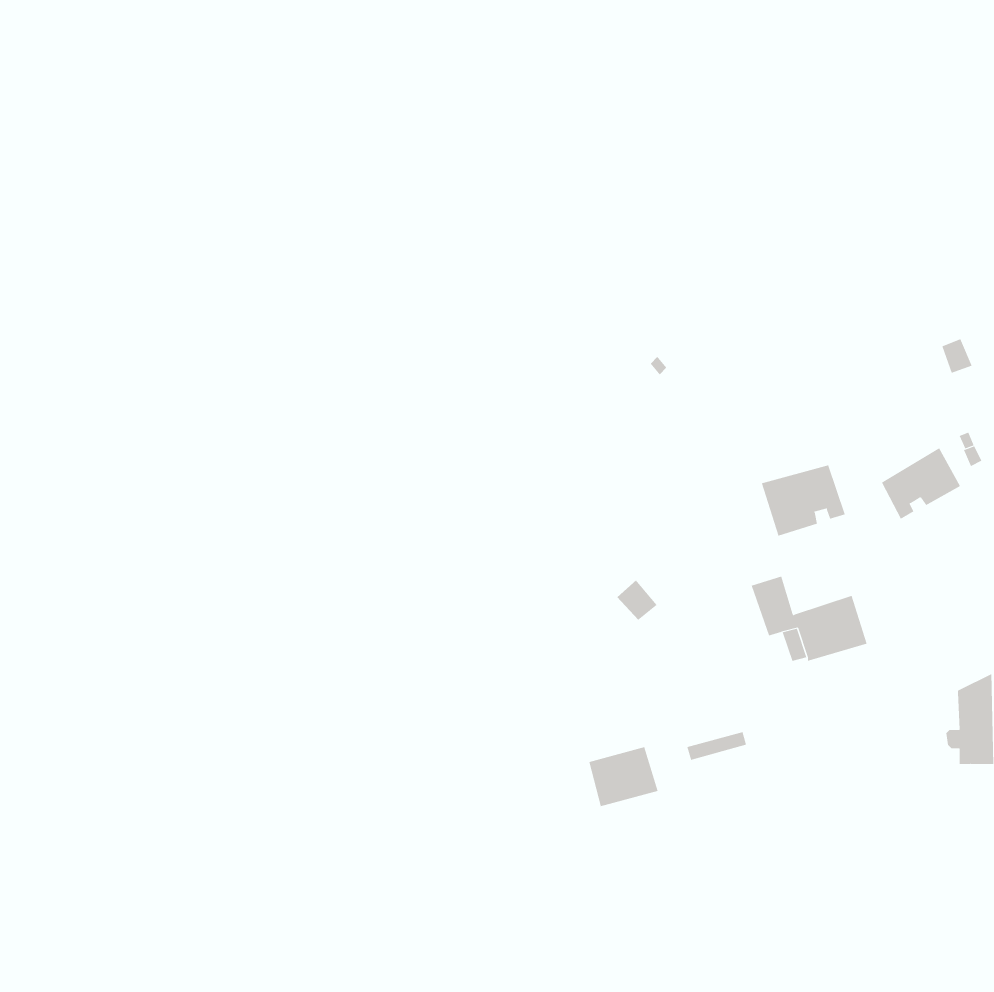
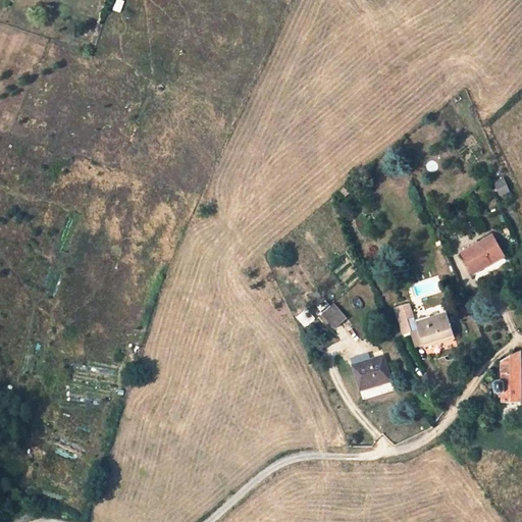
building: [761,465,845,537] -> none
building: [589,746,659,807] -> [354,357,390,388]

